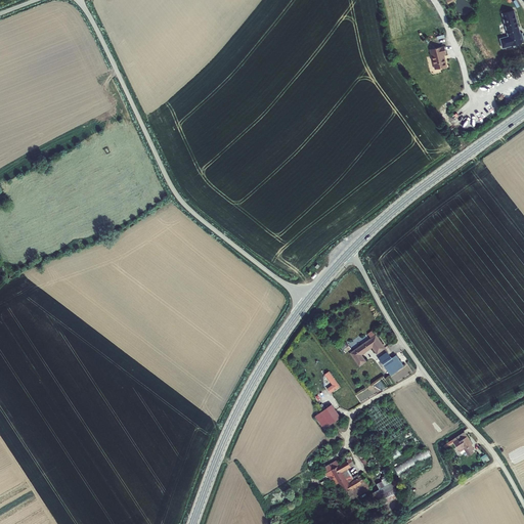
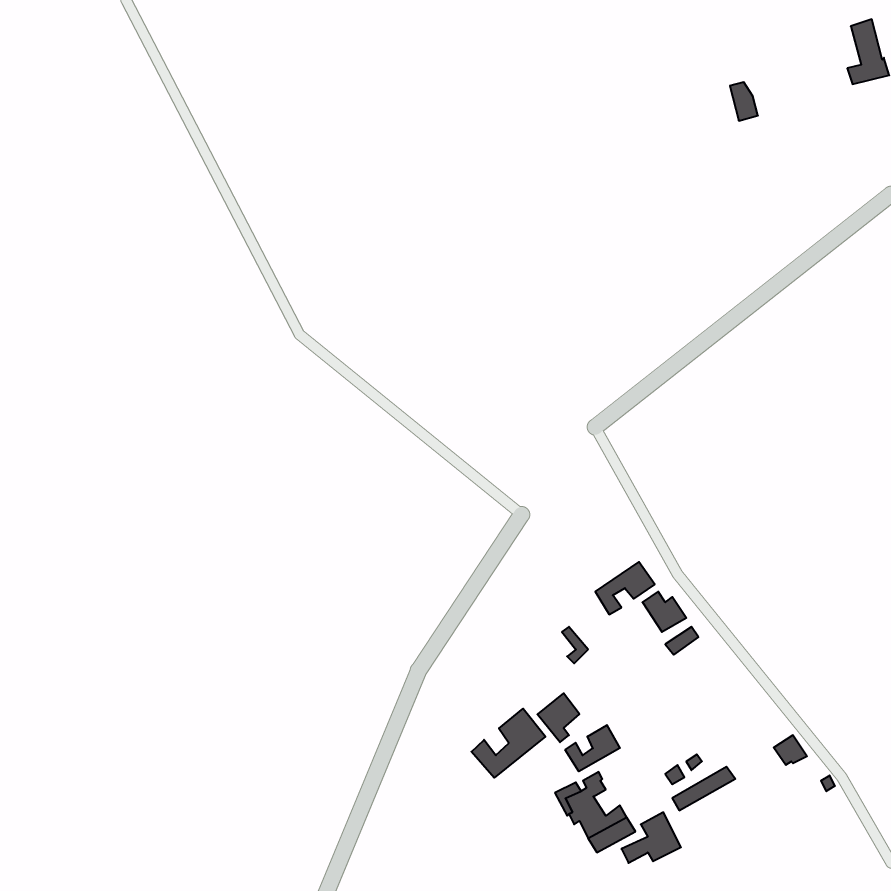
building: none -> [471,709,545,778]
building: none -> [565,725,620,771]

